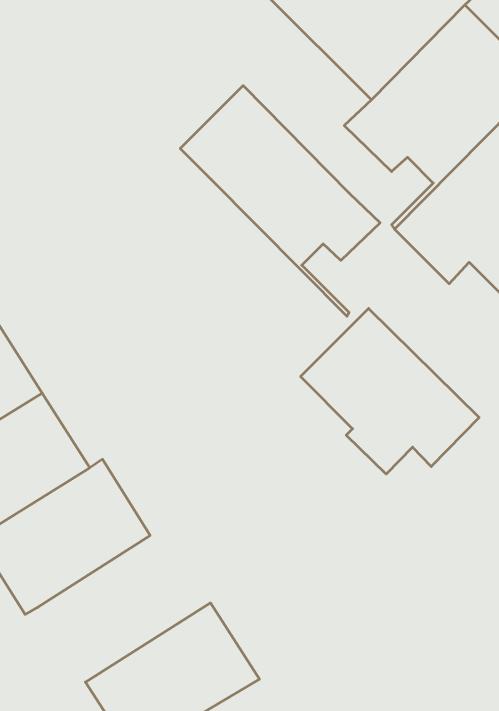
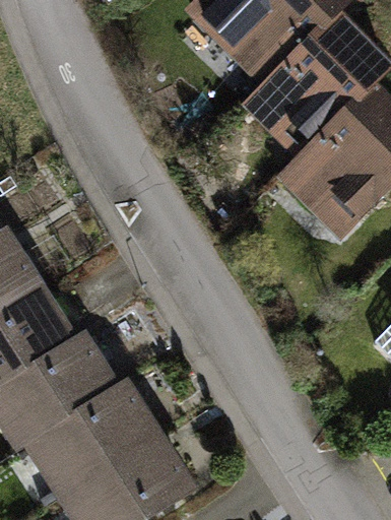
building: [180,86,380,316] -> none
building: [301,308,479,474] -> none
building: none -> [34,384,155,494]

